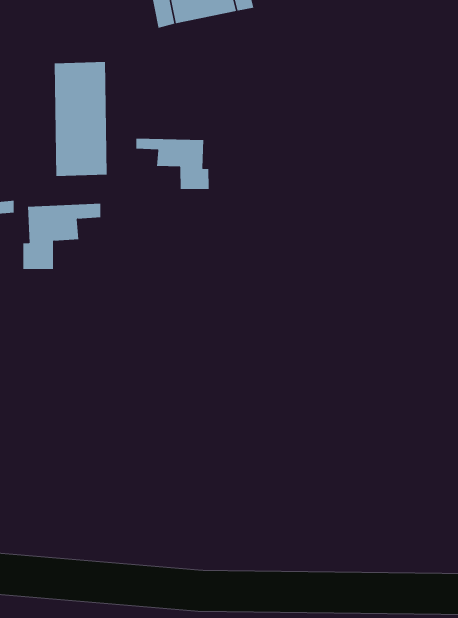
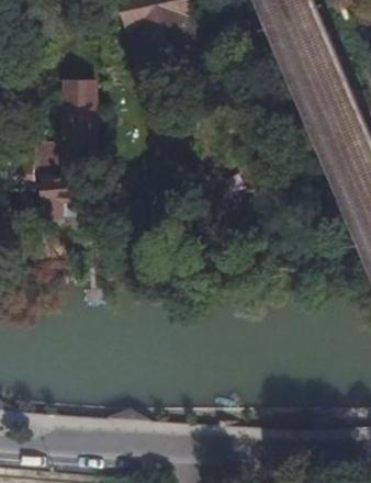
building: [136,138,209,190] -> none

